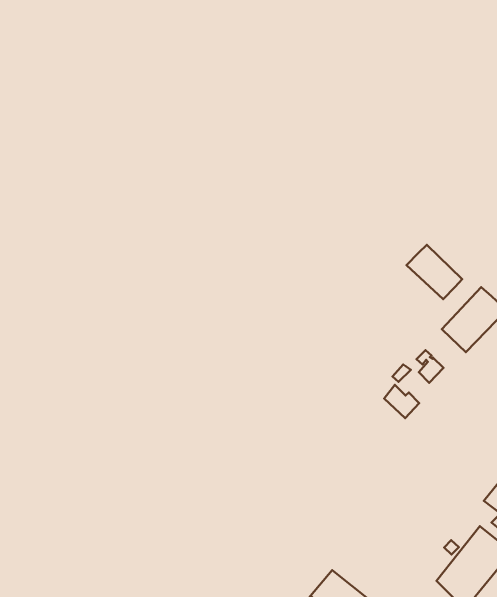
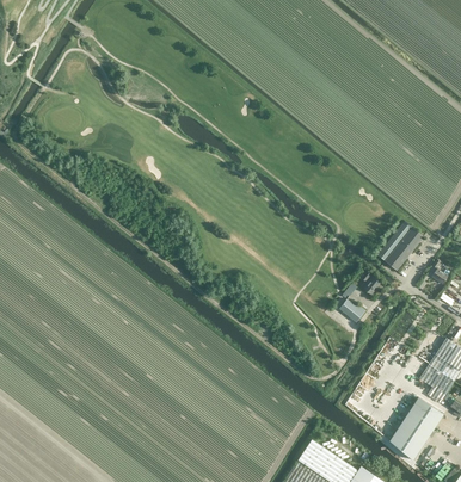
building: [406,245,462,299] -> none

